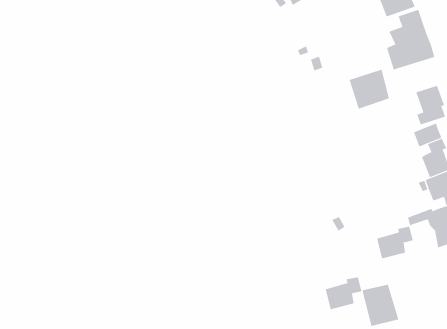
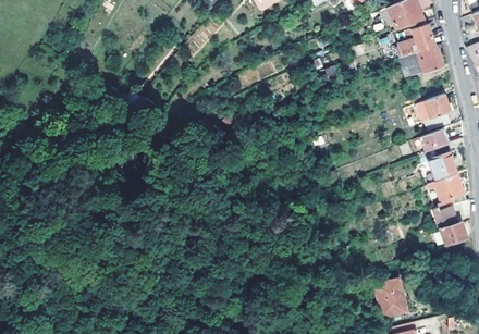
building: [349,69,389,110] -> none
building: [376,226,414,259] -> none
building: [325,276,362,310] -> none

